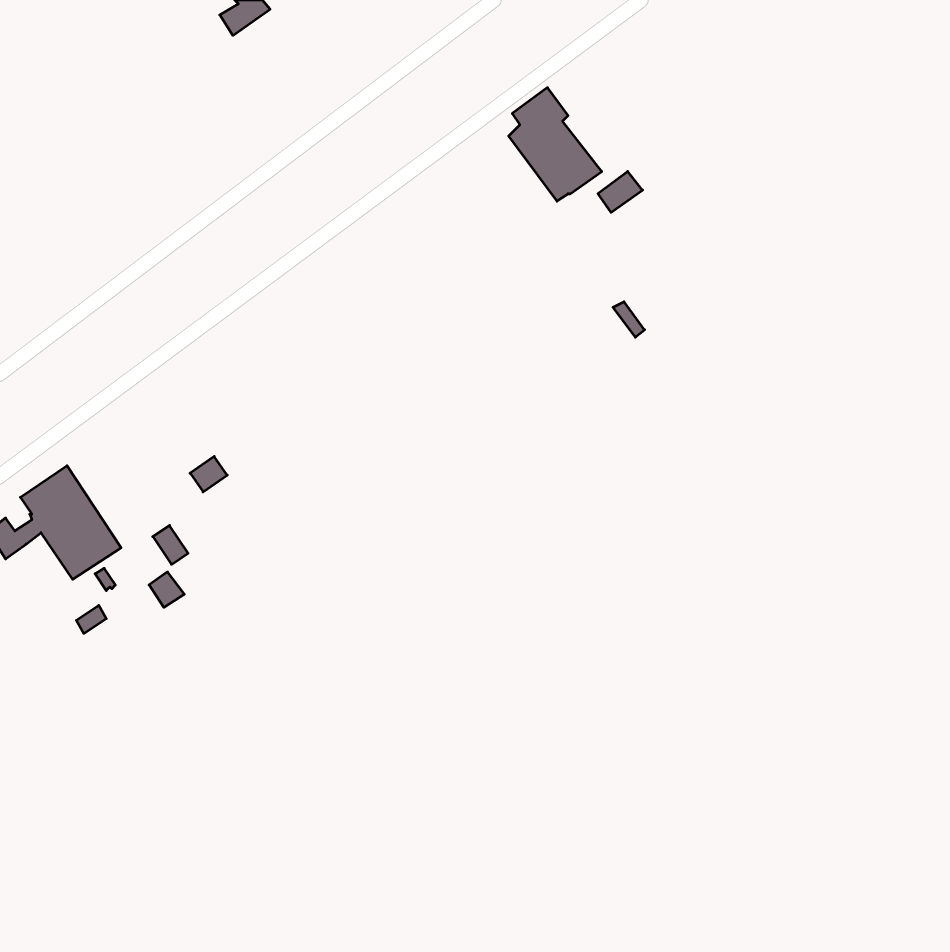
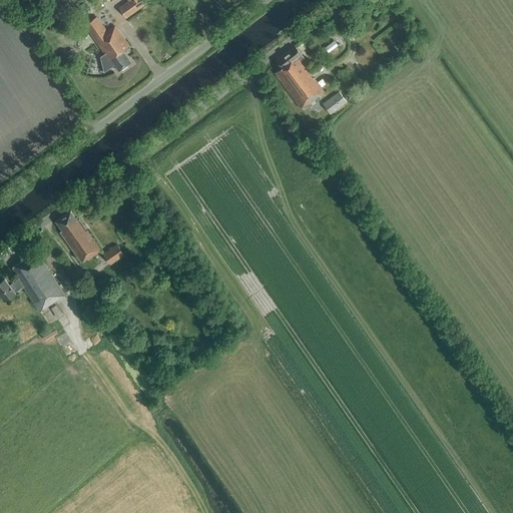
building: none -> [83,17,129,72]
building: none -> [54,211,100,263]

